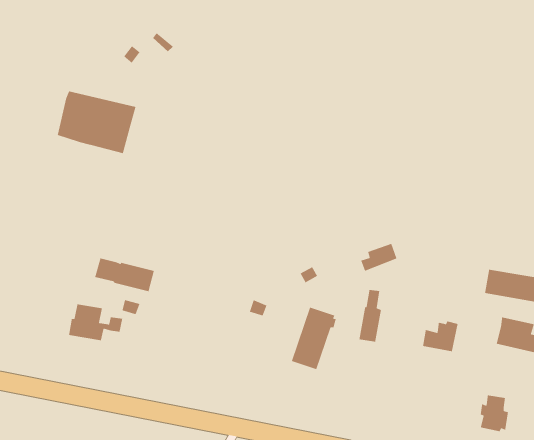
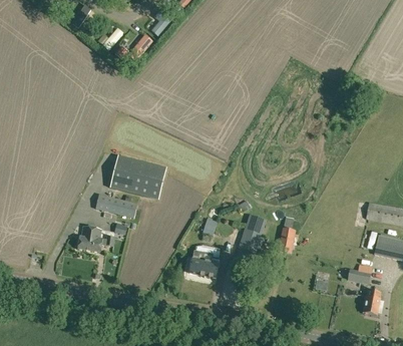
building: [57,91,136,154] -> [110,154,165,199]
building: [422,320,458,352] -> [348,261,373,283]
building: none -> [190,250,219,275]

